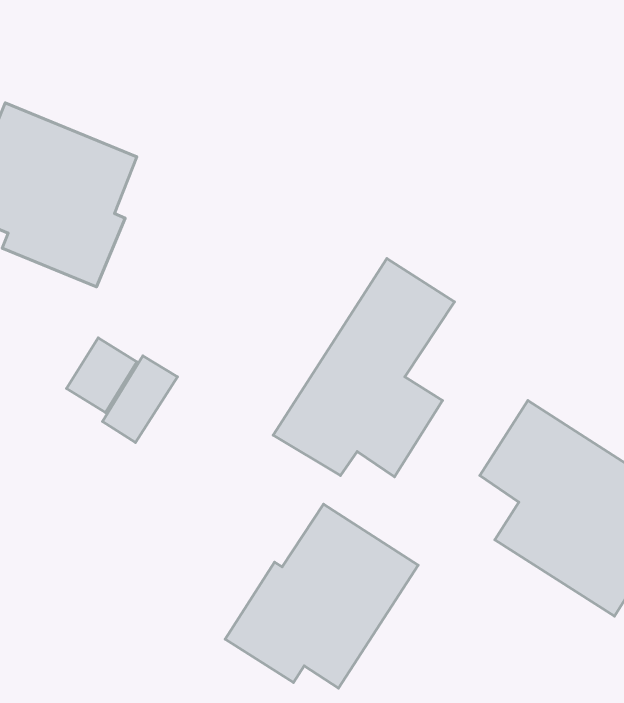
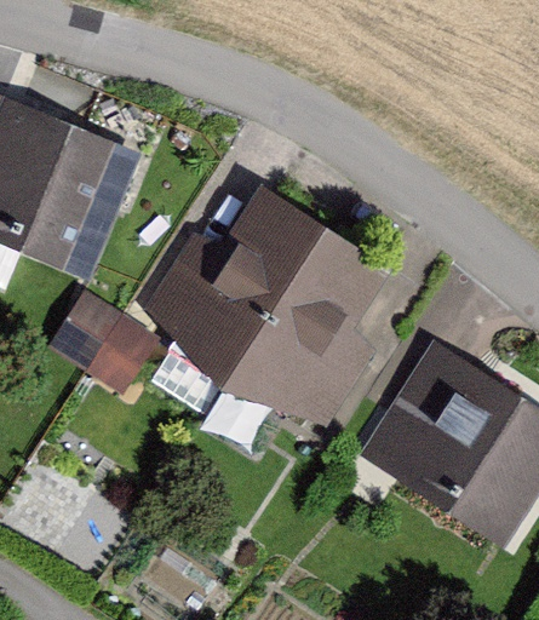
building: none -> [153,200,315,378]
building: [225,504,418,688] -> none

